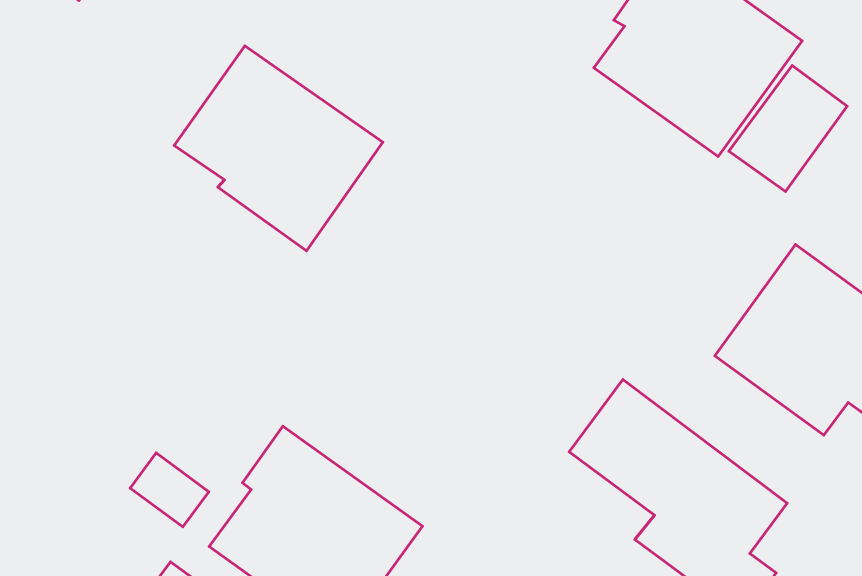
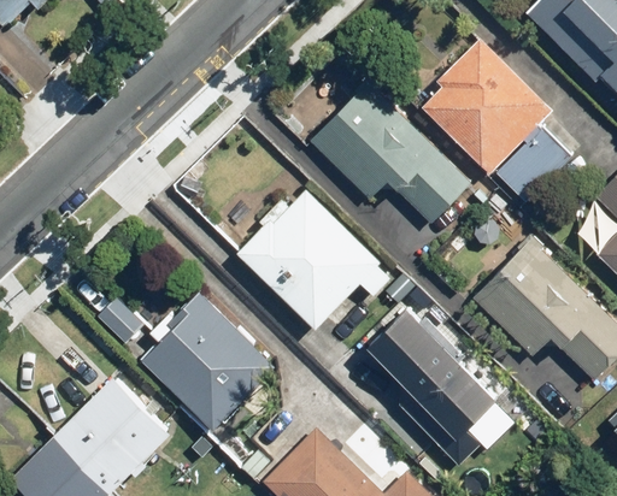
building: none -> [316,82,476,224]
building: [174,46,383,251] -> none
building: none -> [233,188,387,329]

